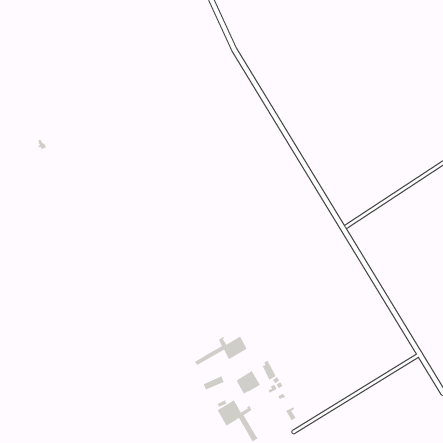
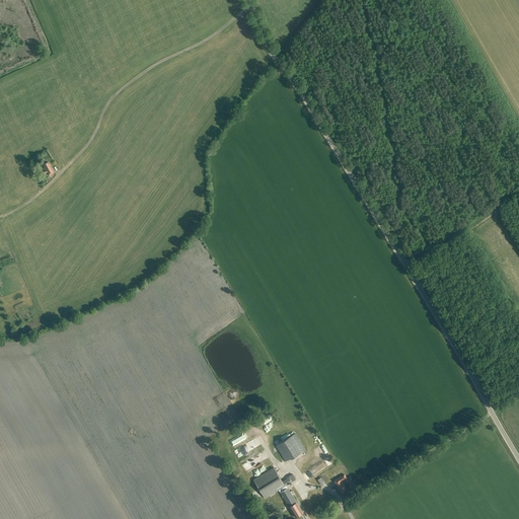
building: [194,336,248,366] -> none

